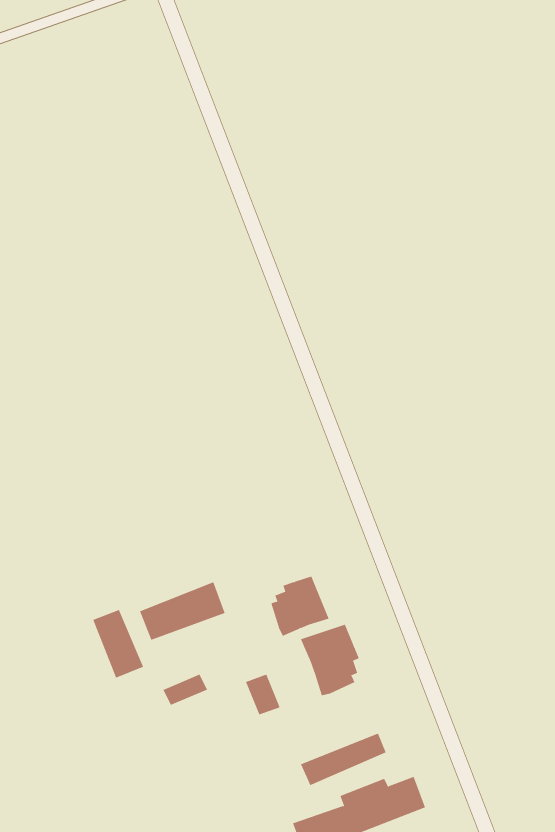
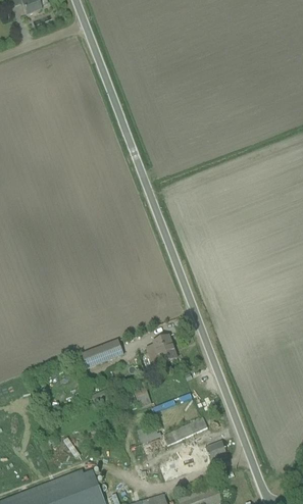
building: [93,609,144,679] -> none
building: [300,624,360,696] -> none

